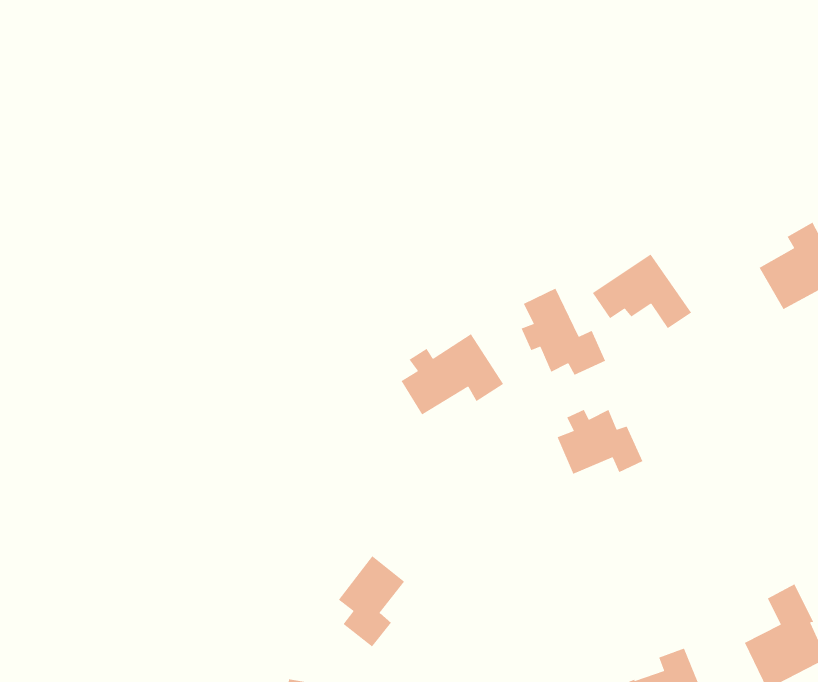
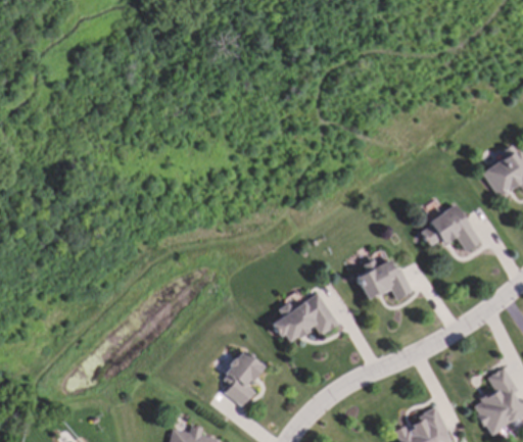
building: [592,254,692,329] -> [419,205,481,252]
building: [521,288,606,376] -> none
building: [400,333,504,415] -> [273,293,337,344]

